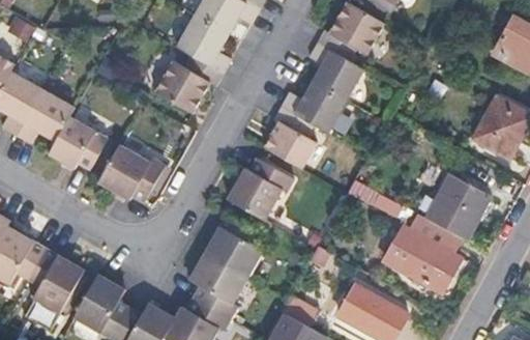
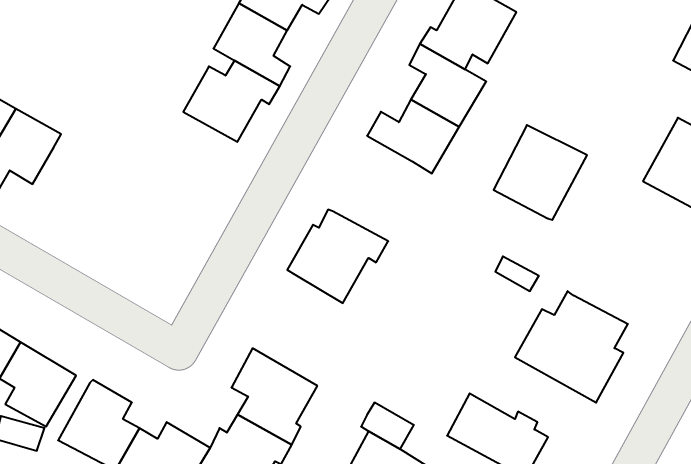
building: [264,108,318,171] -> none
building: [46,116,104,168] -> none
building: [95,143,163,201] -> none
building: [423,173,488,238] -> [494,125,587,220]
building: [203,214,264,280] -> none

